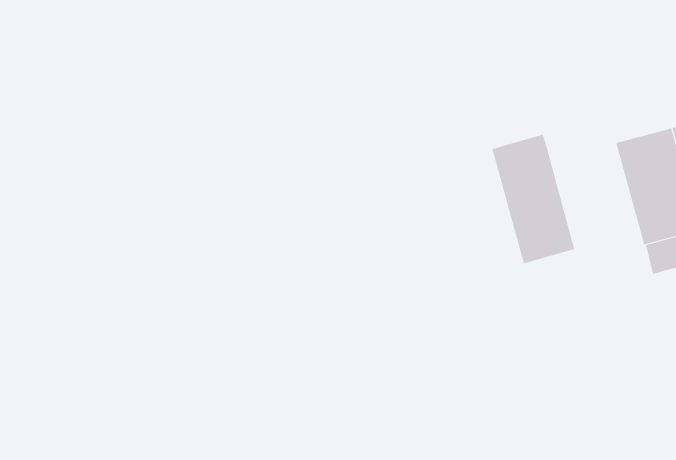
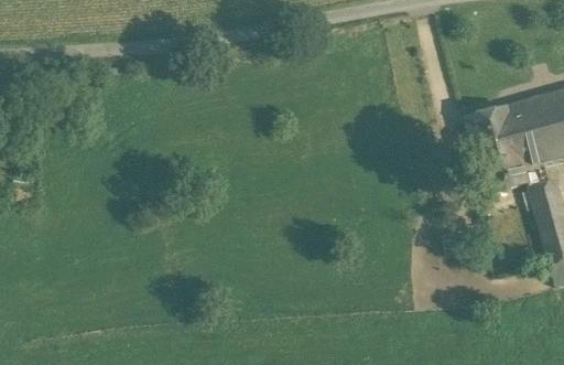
building: [492,134,575,264] -> none

